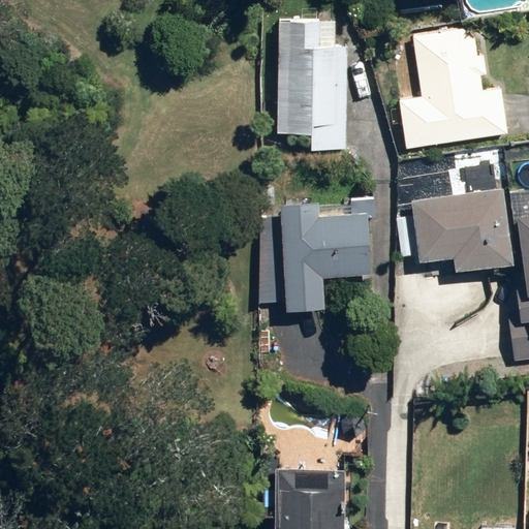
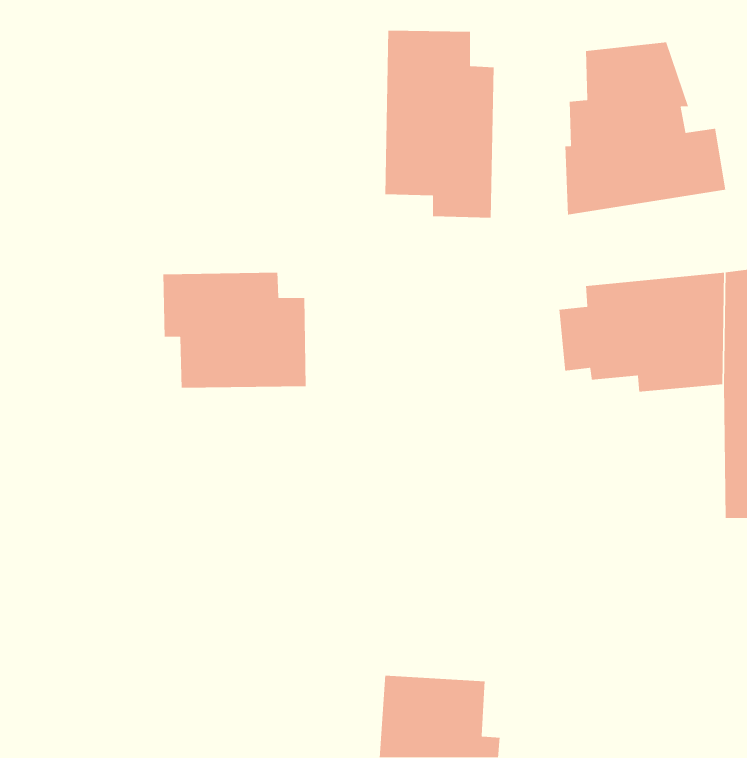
building: none -> [162,272,307,389]
building: [262,197,377,312] -> none

